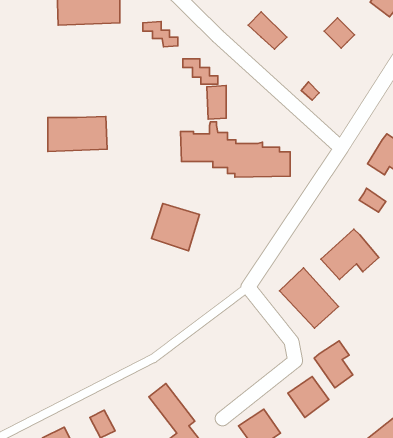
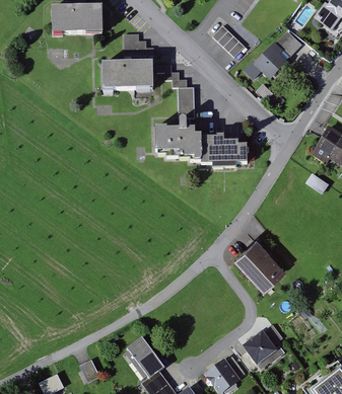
building: none -> [244,42,288,78]
building: [48,116,107,151] -> [102,60,152,89]
building: [152,204,199,251] -> none
building: [321,229,379,279] -> none
building: [314,341,353,388] -> none

